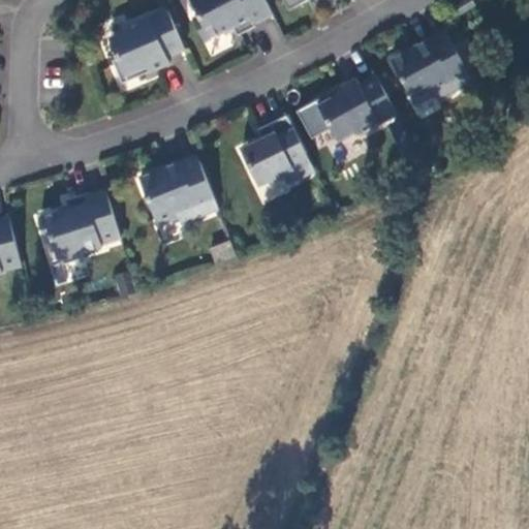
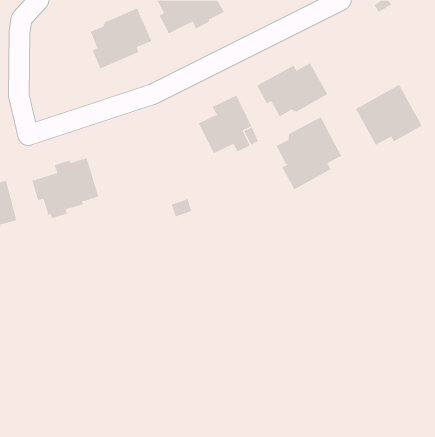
building: [391,30,472,104] -> [355,84,423,146]
building: none -> [276,117,342,190]
building: [138,155,217,225] -> none

